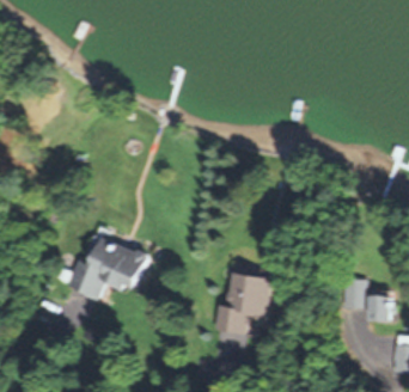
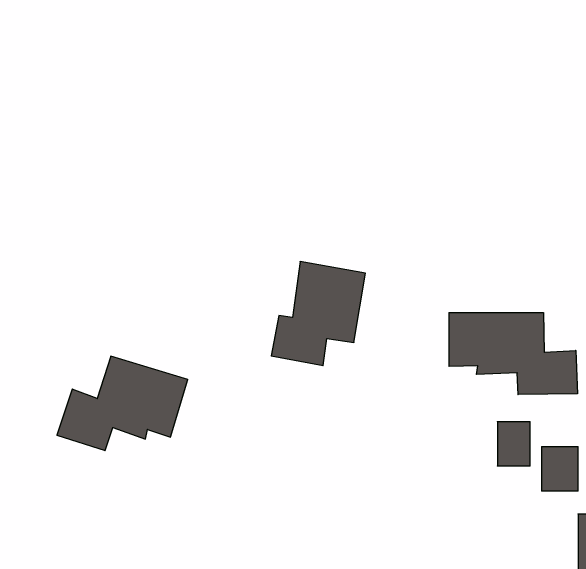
building: none -> [449,313,577,395]
building: [215,271,274,336] -> [271,262,365,366]

